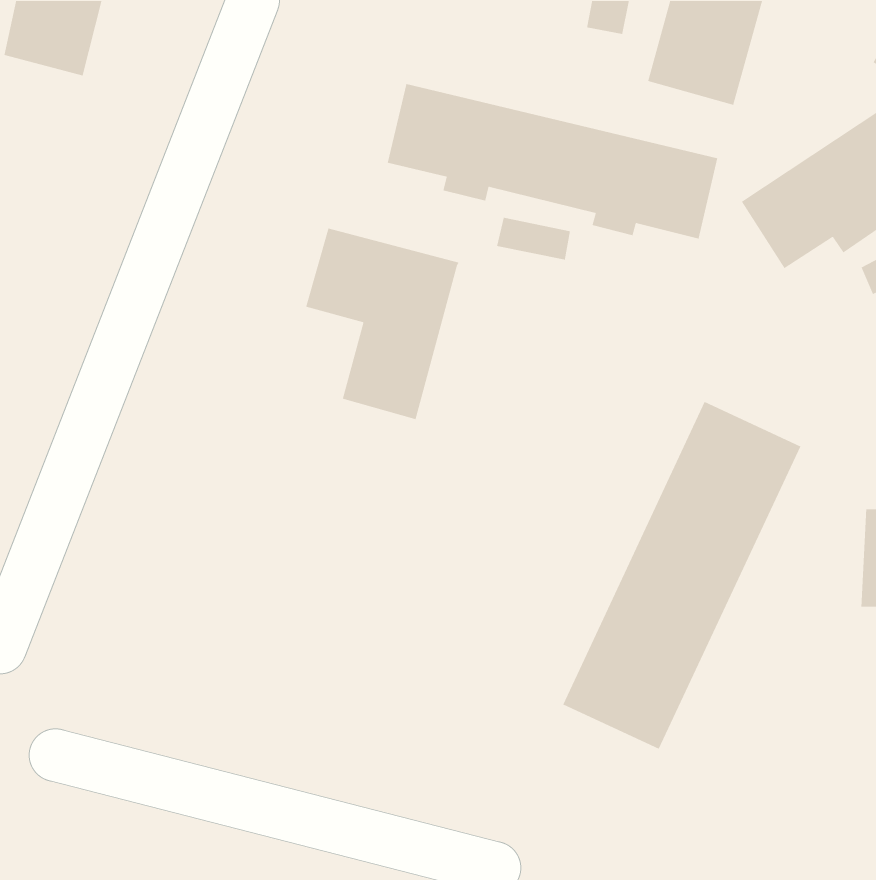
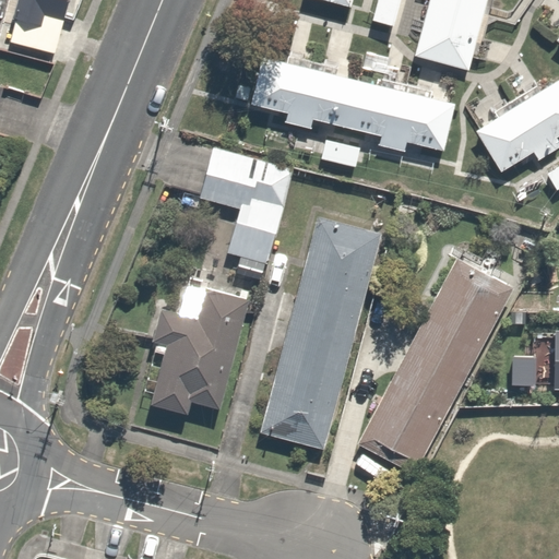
building: none -> [260,213,385,449]
building: none -> [152,287,245,412]

